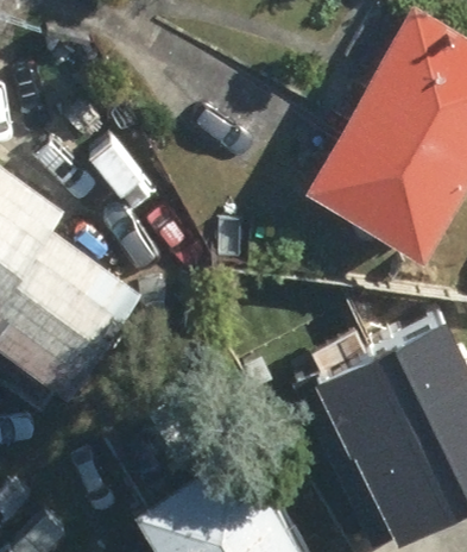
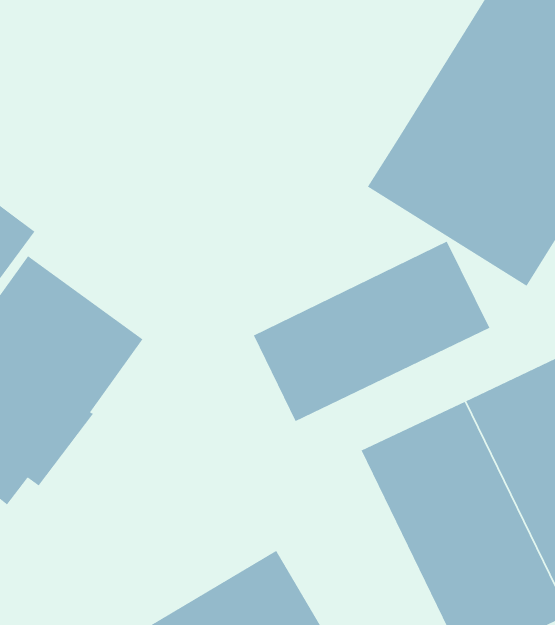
building: none -> [253,240,491,422]

